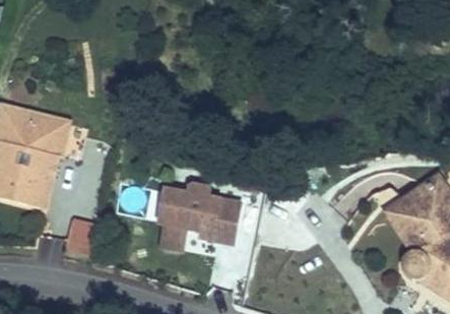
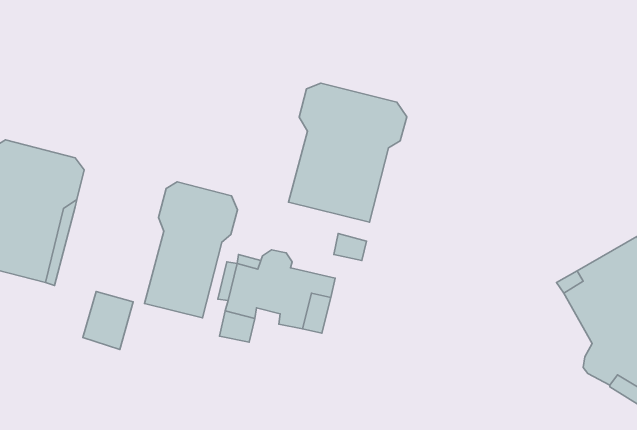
building: none -> [289,83,407,222]
building: none -> [144,182,238,318]

